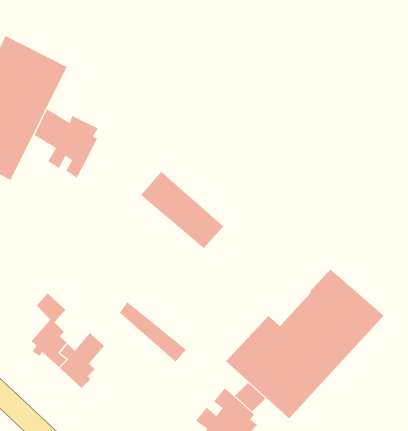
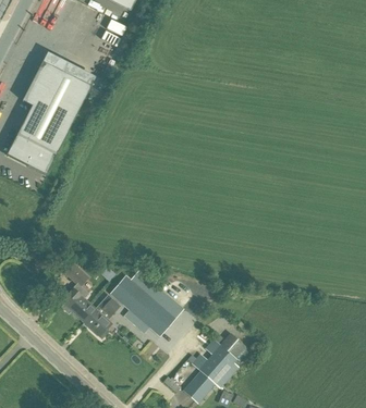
building: [34,108,98,178] -> none
building: [140,171,225,249] -> [110,274,176,335]
building: [225,268,385,419] -> none

